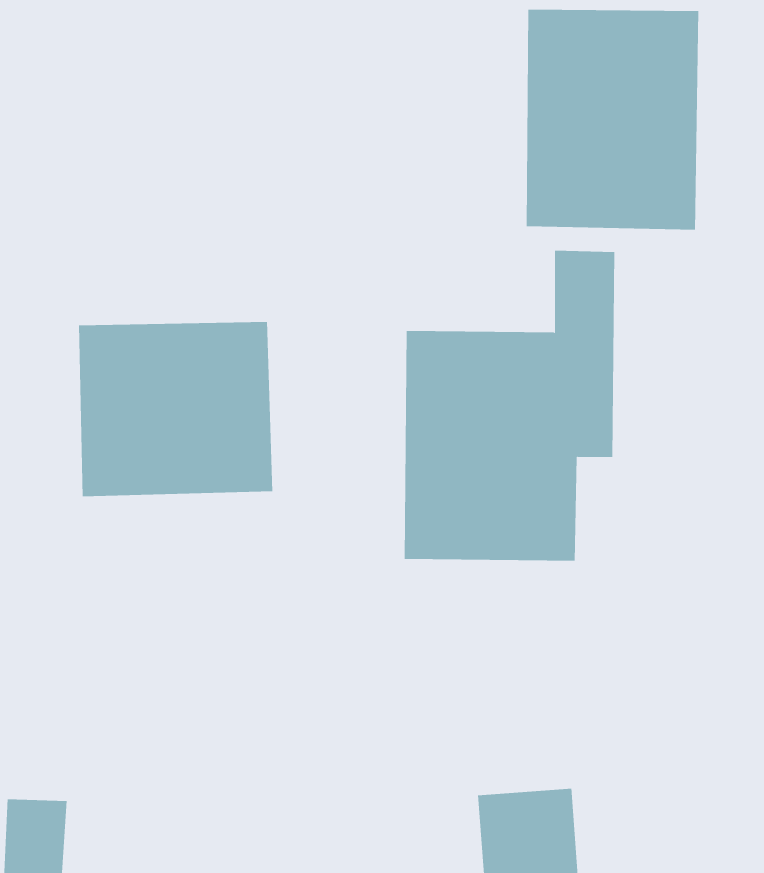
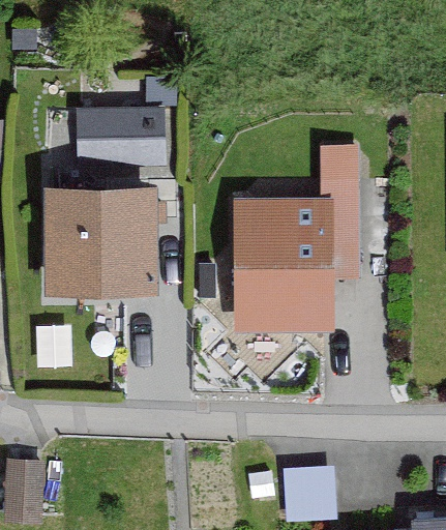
building: [526,9,699,231] -> none
building: none -> [75,114,163,166]

